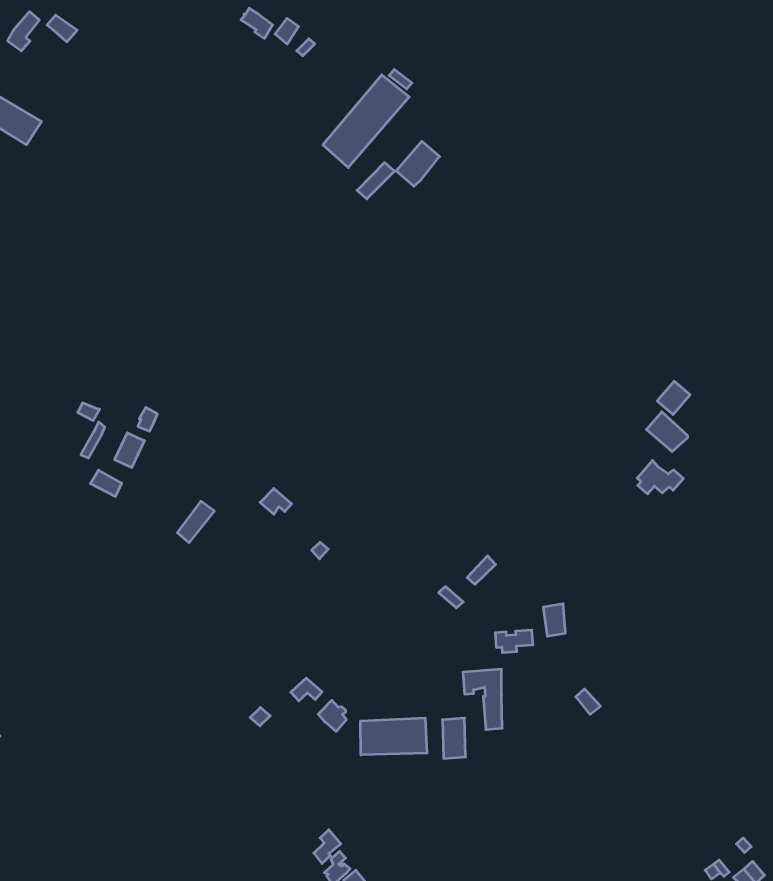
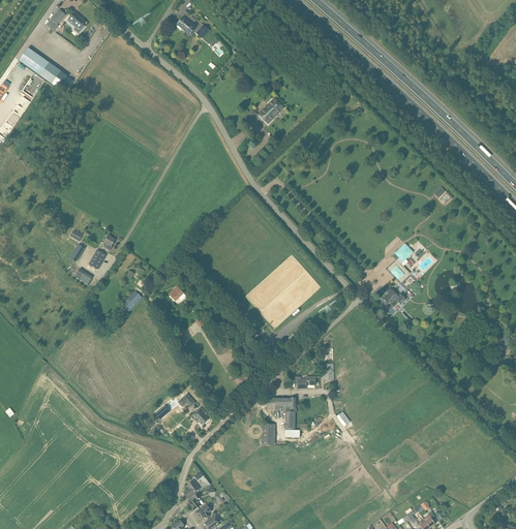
building: [323,75,409,168] -> none
building: [361,718,427,755] -> none

